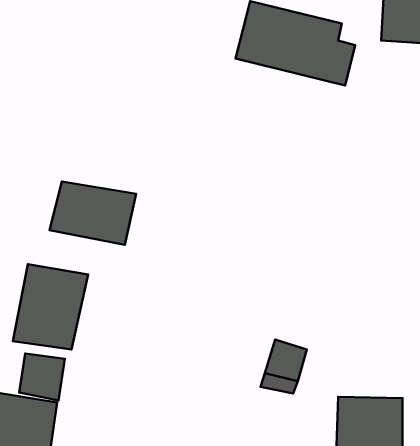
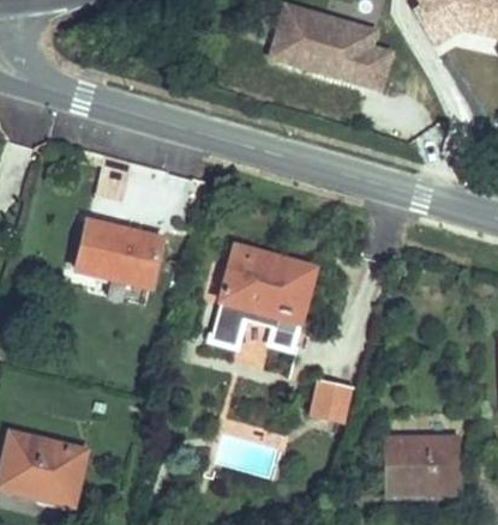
building: none -> [223,241,320,345]
building: [13,264,88,349] -> none
building: [19,354,65,401] -> none

